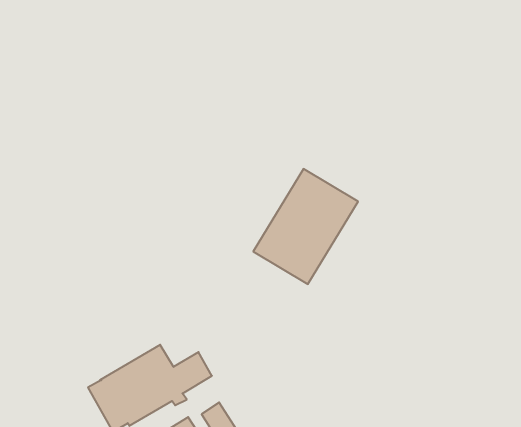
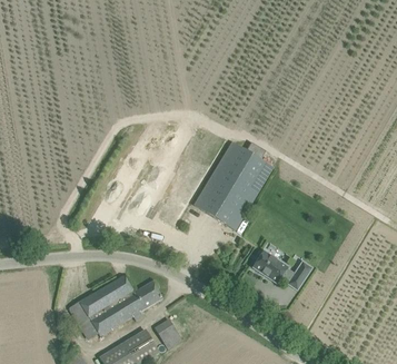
building: none -> [252,249,311,288]

